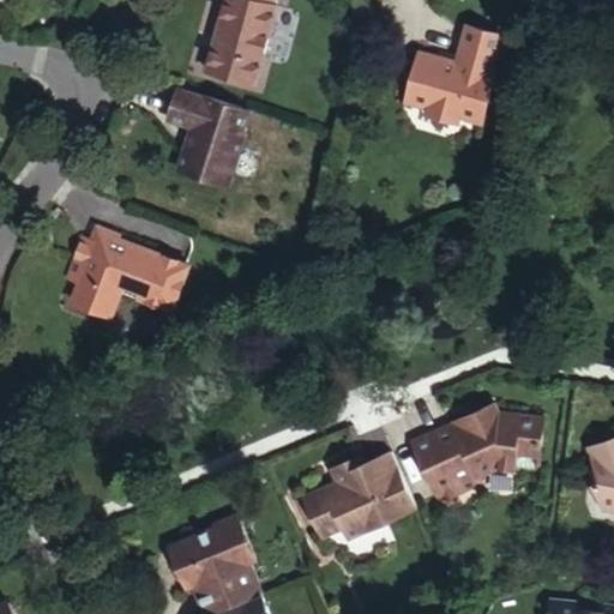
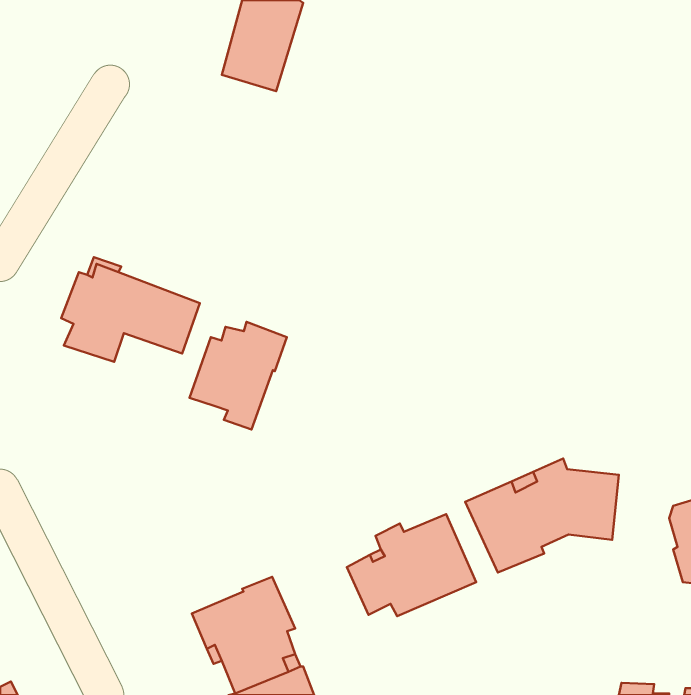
building: [401,20,500,118] -> none
building: [158,83,241,186] -> none
building: none -> [189,322,287,429]

